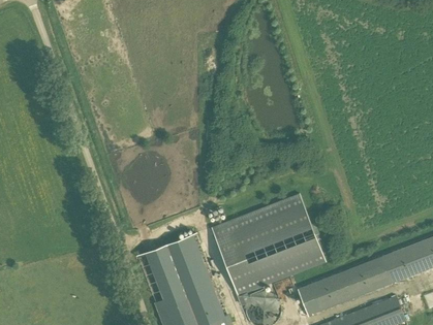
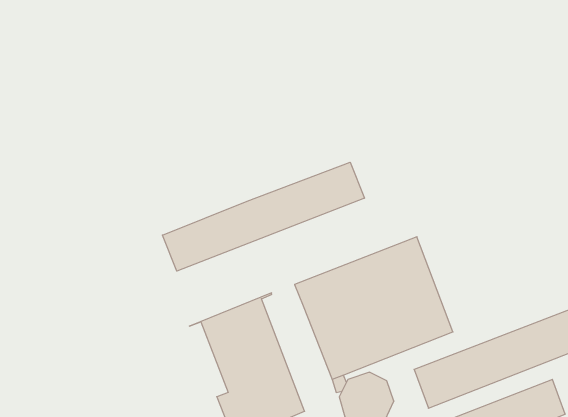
building: none -> [162,162,364,271]

